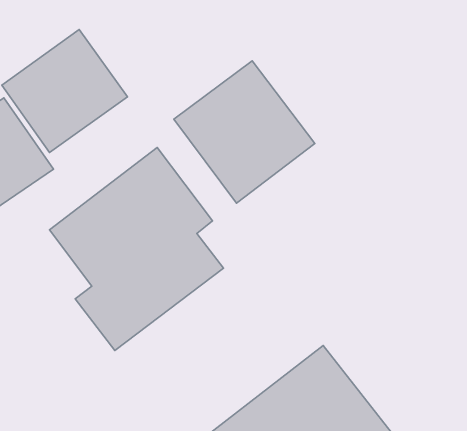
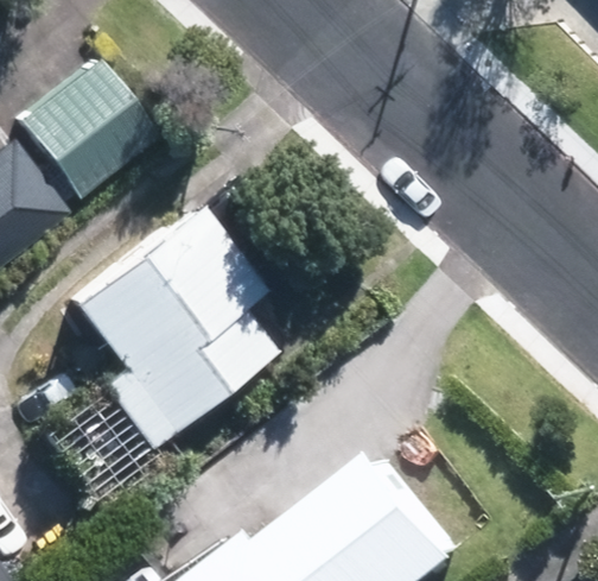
building: [174,61,315,203] -> none

